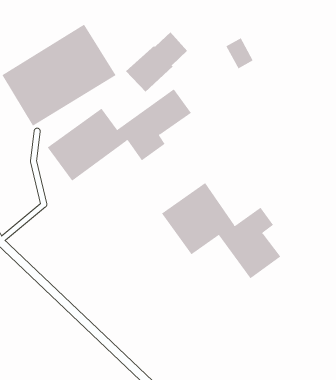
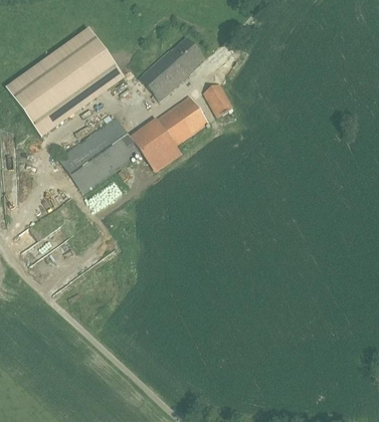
building: [226,37,254,69] -> [202,83,231,117]
building: [161,182,281,279] -> none

